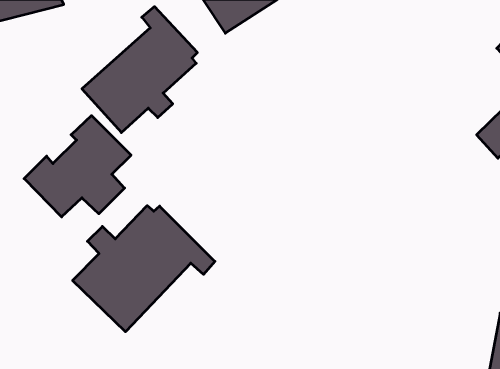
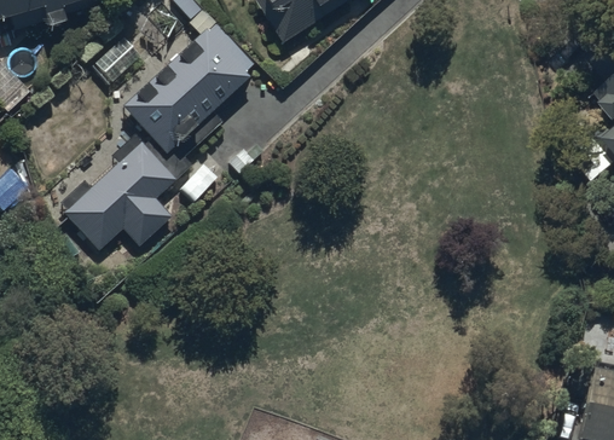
building: [73,206,215,332] -> none

